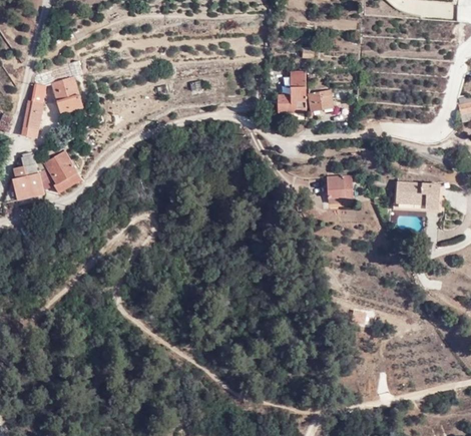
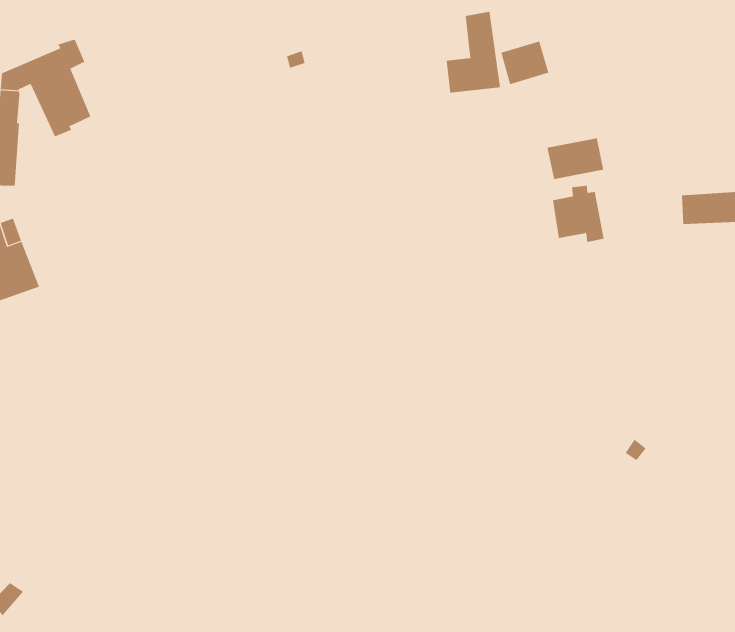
building: none -> [547,138,604,180]
building: [45,152,81,192] -> none

